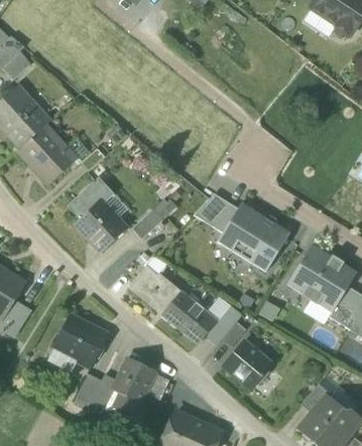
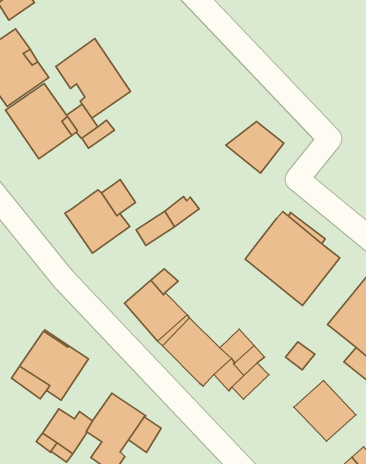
building: none -> [56,39,131,118]
building: [69,180,111,219] -> none
building: [194,193,238,233] -> [226,122,284,173]
building: [224,342,272,389] -> [294,381,356,441]

